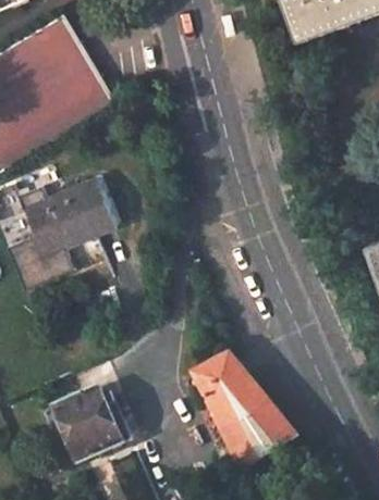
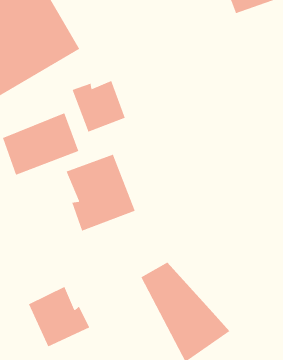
building: none -> [72,80,125,133]
building: none -> [66,154,135,232]

